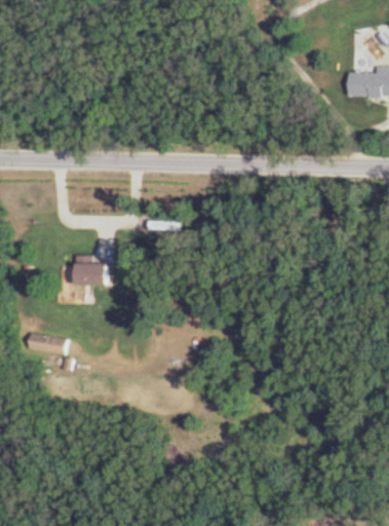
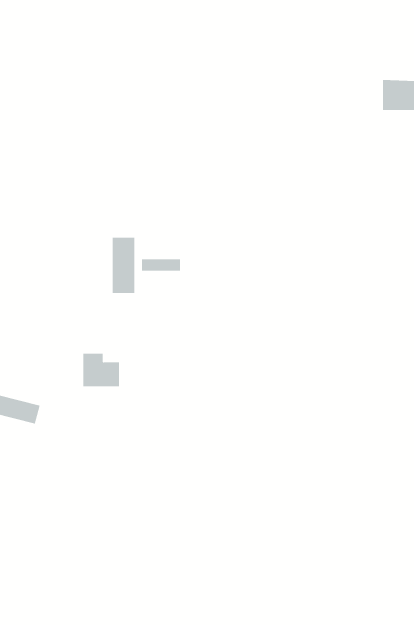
building: none -> [112,237,135,294]
building: [73,256,104,284] -> [82,353,120,387]

